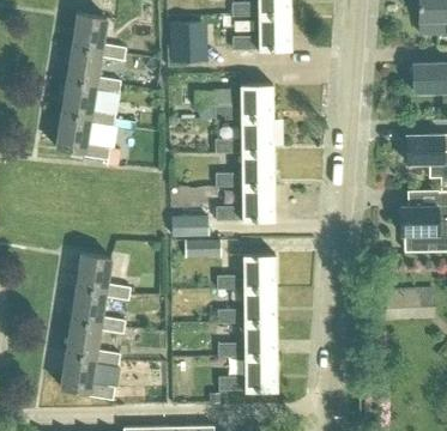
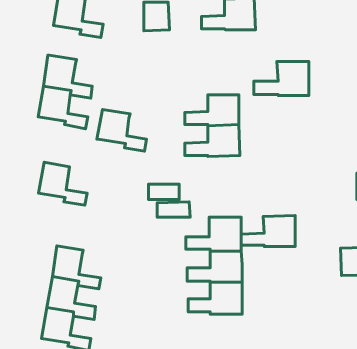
building: [66,47,120,92] -> [97,109,147,151]
building: [213,85,273,122] -> [254,61,309,96]
building: [216,188,274,221] -> [241,215,295,246]
building: [75,253,128,299] -> [39,162,87,205]
building: [218,360,277,391] -> none

